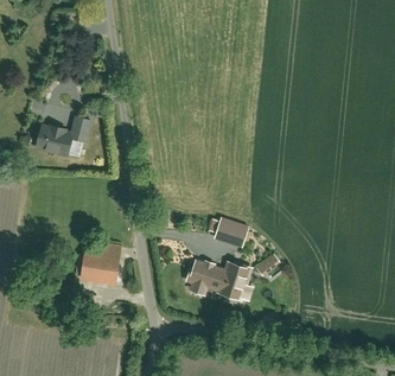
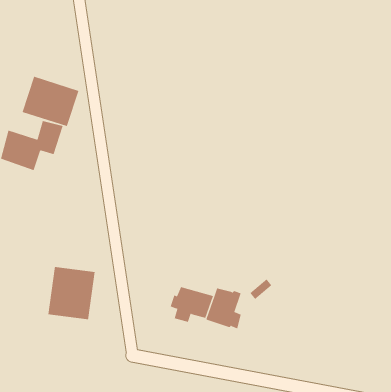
building: none -> [22,76,79,127]
building: [215,217,248,246] -> none

